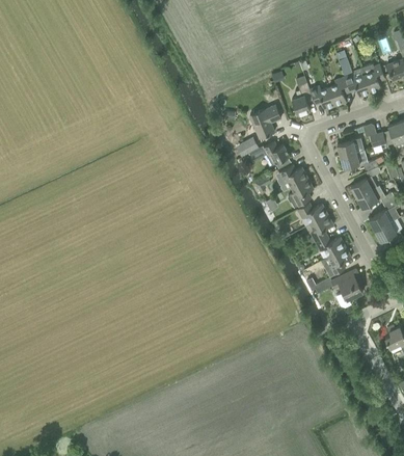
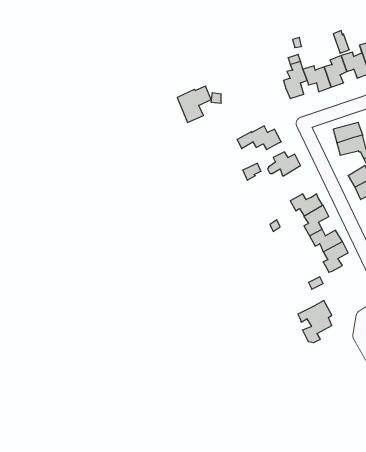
building: [250,104,281,137] -> [177,86,211,122]
building: [288,177,314,206] -> none
building: [331,268,362,306] -> [298,301,332,343]

